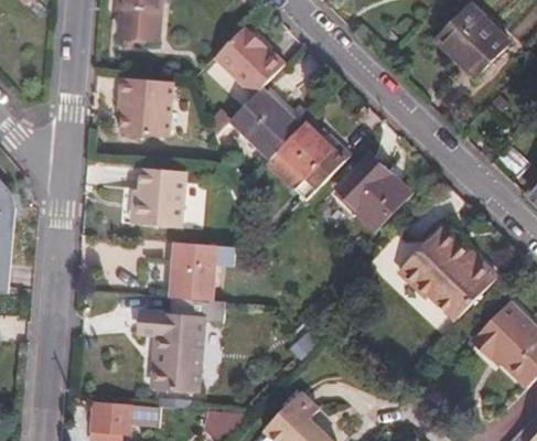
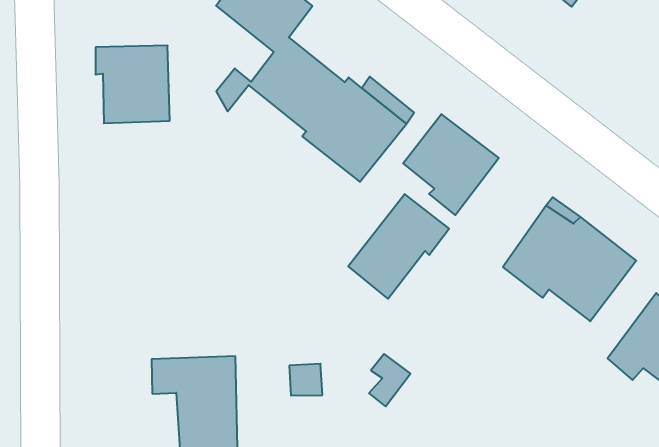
building: [136,165,185,225] -> none
building: none -> [348,194,449,299]
building: [164,239,210,300] -> none

